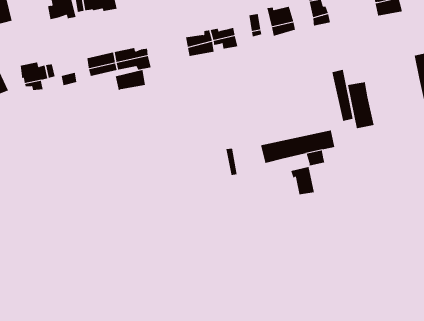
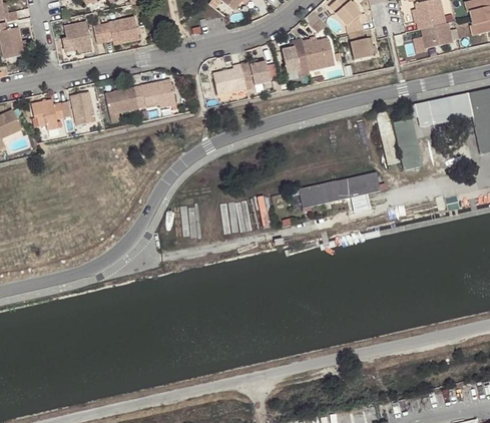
building: none -> [69,91,93,113]
building: none -> [404,91,469,125]
building: [115,69,146,91] -> none
building: [290,166,315,195] -> none

